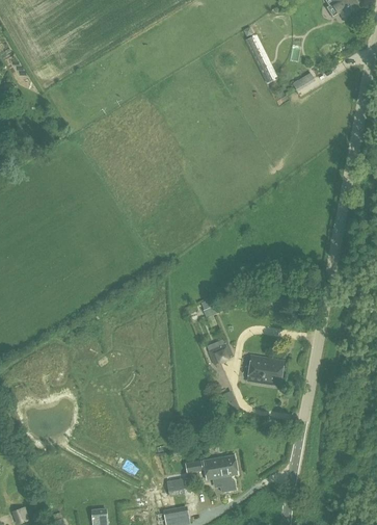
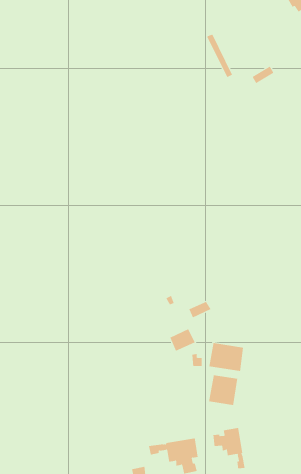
building: none -> [209,375,238,406]
building: none -> [213,427,245,469]

